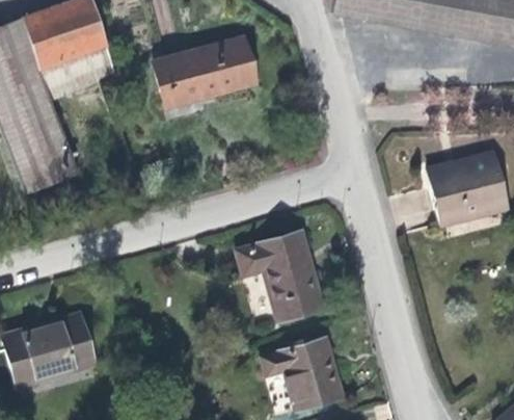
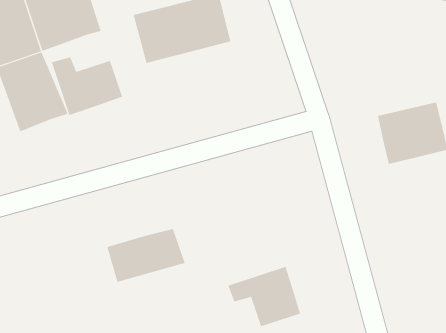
building: none -> [51,56,123,116]
building: [235,237,318,320] -> none
building: [7,316,97,377] -> [107,228,186,282]

